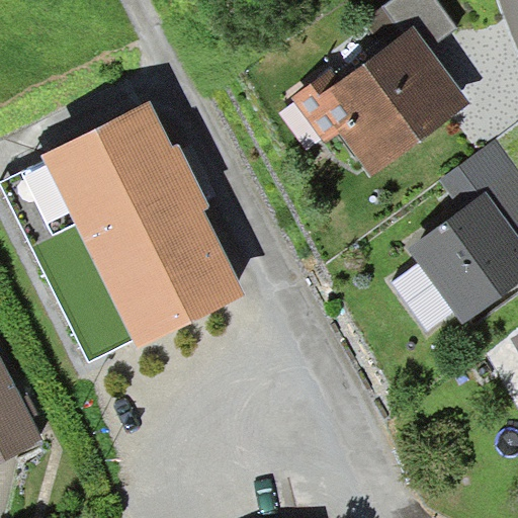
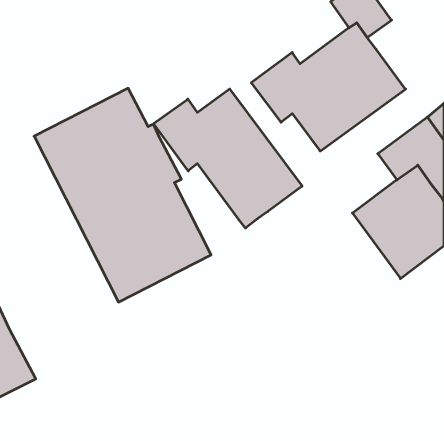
building: none -> [154,89,302,228]

